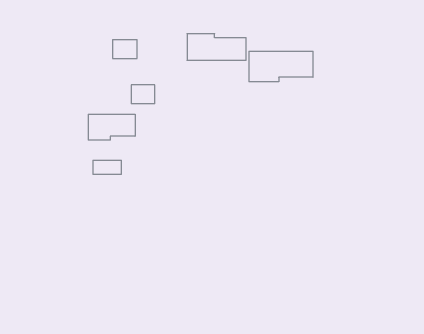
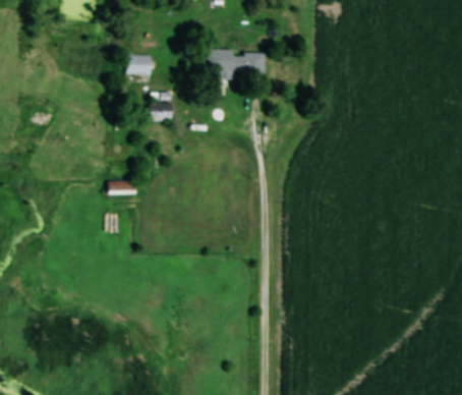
building: [249,51,313,82] -> none
building: [88,114,135,140] -> none

